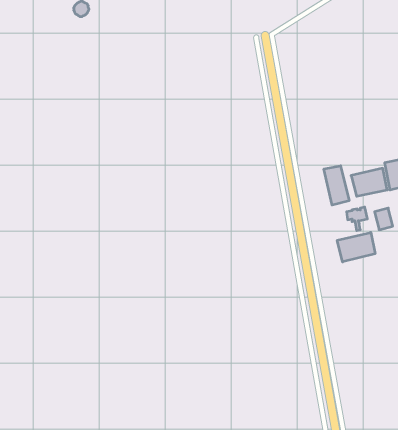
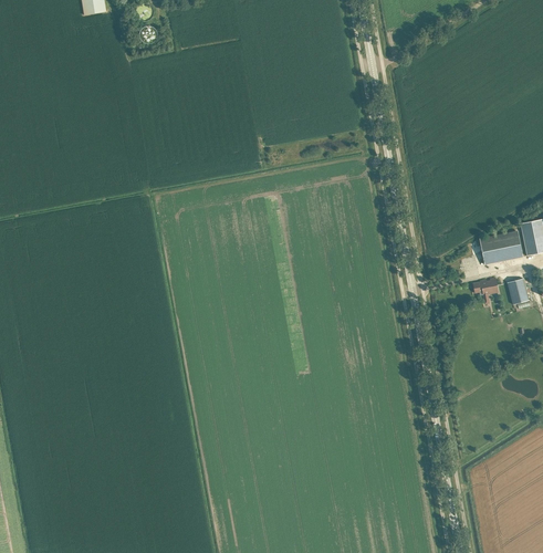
building: [324,166,349,205] -> none
building: [337,232,375,262] -> none

